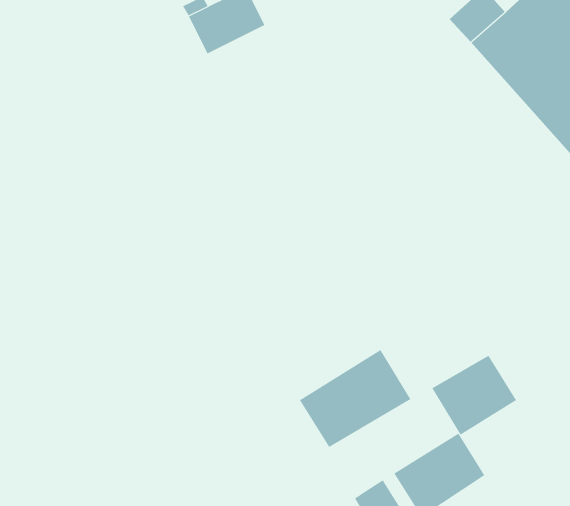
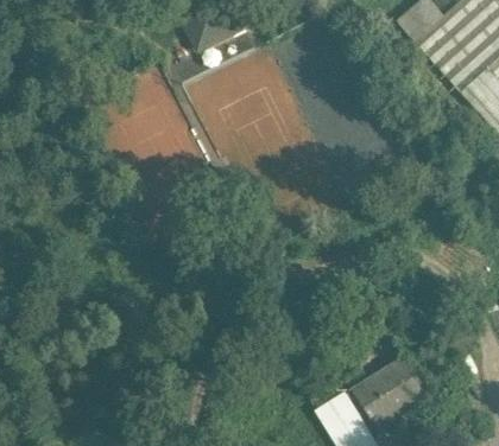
building: [299,349,411,448] -> none
building: [431,355,517,436] -> none

